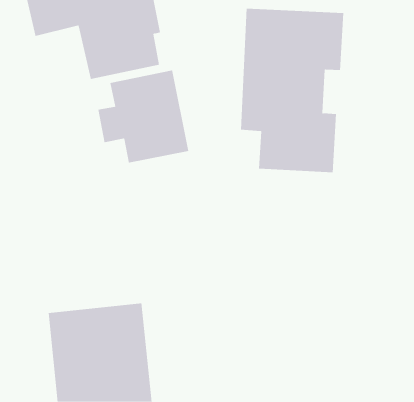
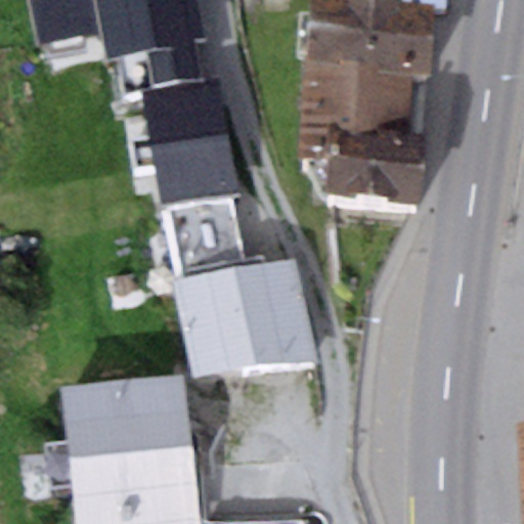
building: none -> [163,203,318,382]

